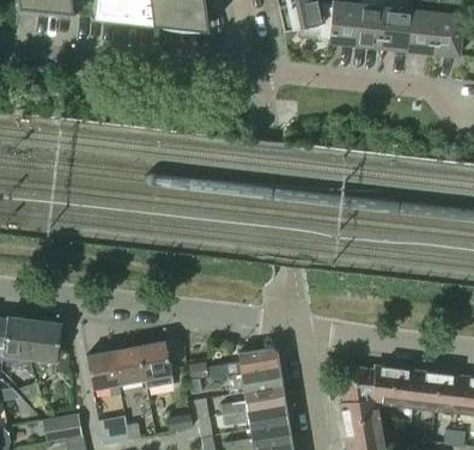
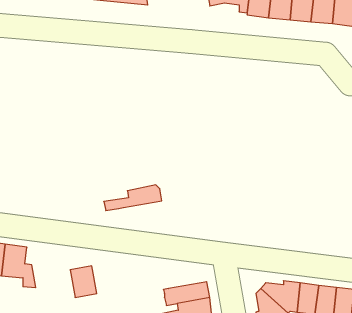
building: [140,342,175,390] -> none
building: [209,347,280,378] -> [104,185,162,211]
building: [87,352,122,397] -> none

